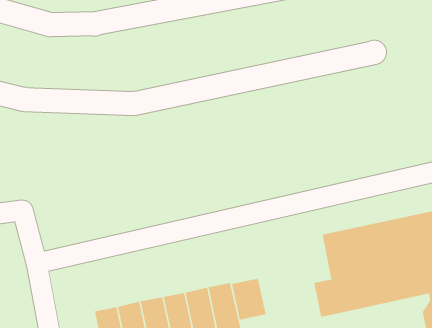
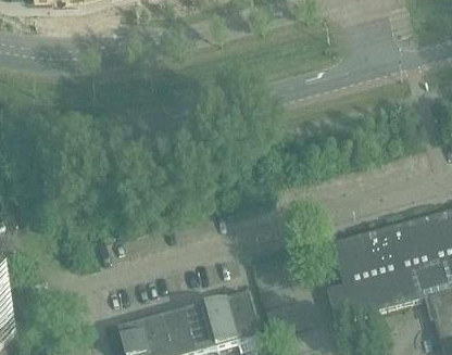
building: [232,278,266,321] -> none

